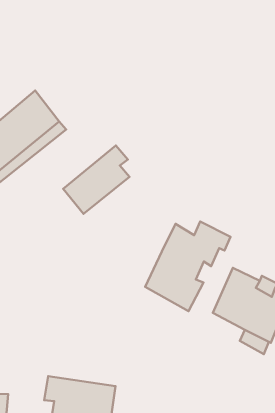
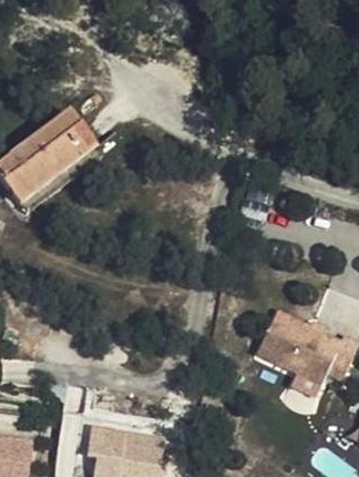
building: [63,145,129,214] -> none
building: [145,222,230,311] -> none

